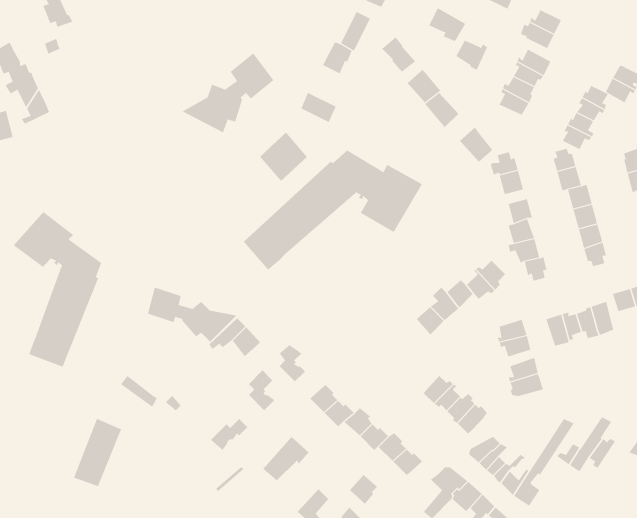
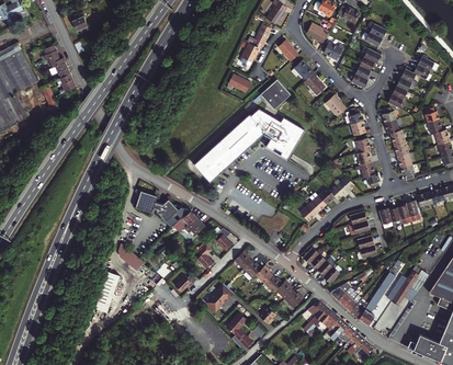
building: [182,53,274,133] -> none
building: [259,131,308,182] -> [260,79,290,110]
building: [13,211,102,367] -> none

